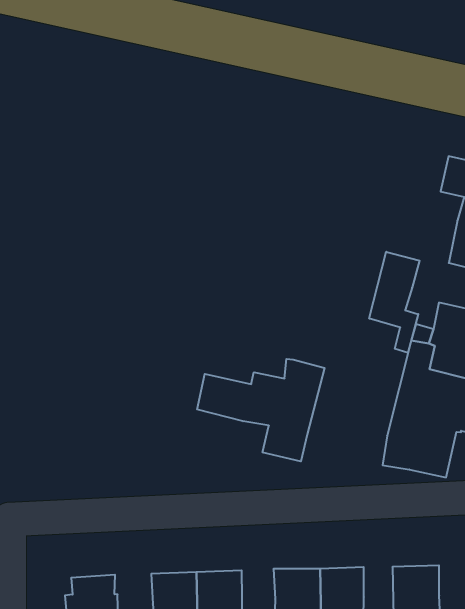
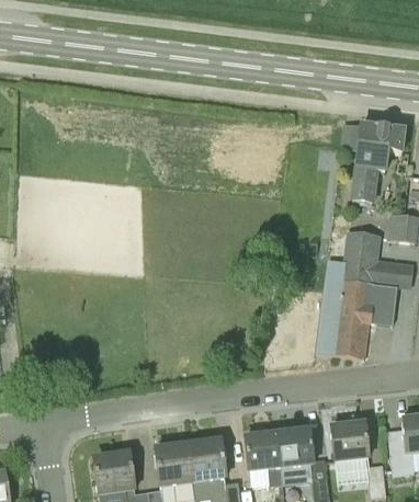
building: [369,252,420,353] -> none
building: [197,359,325,461] -> none

